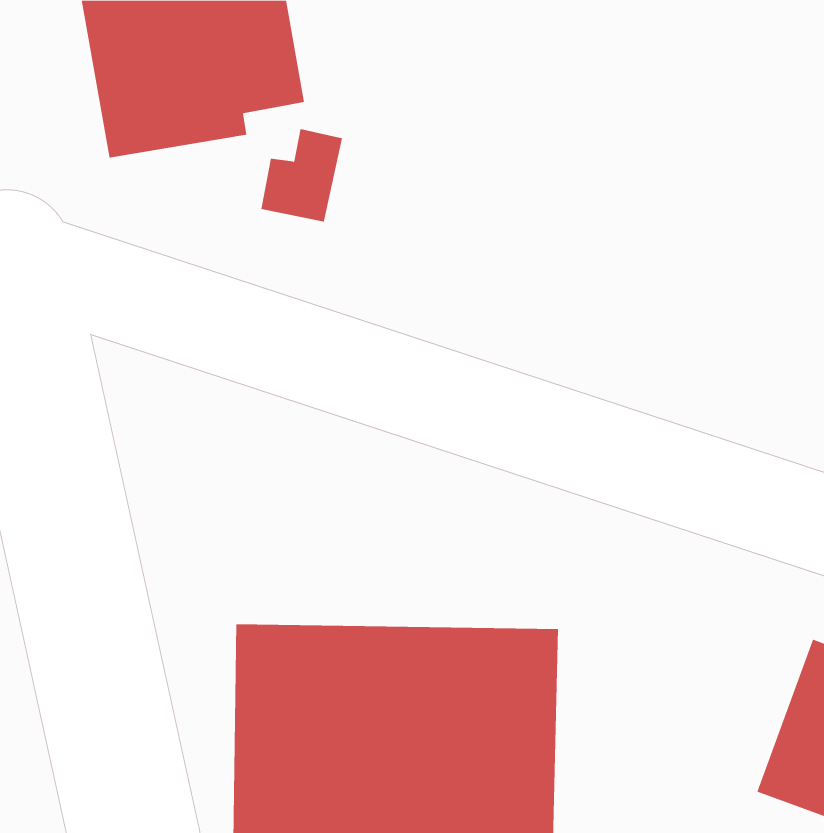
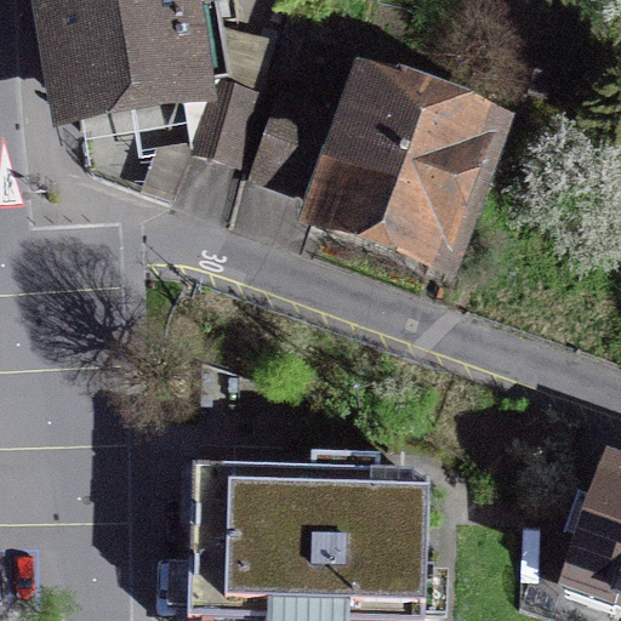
building: none -> [294,49,506,266]

